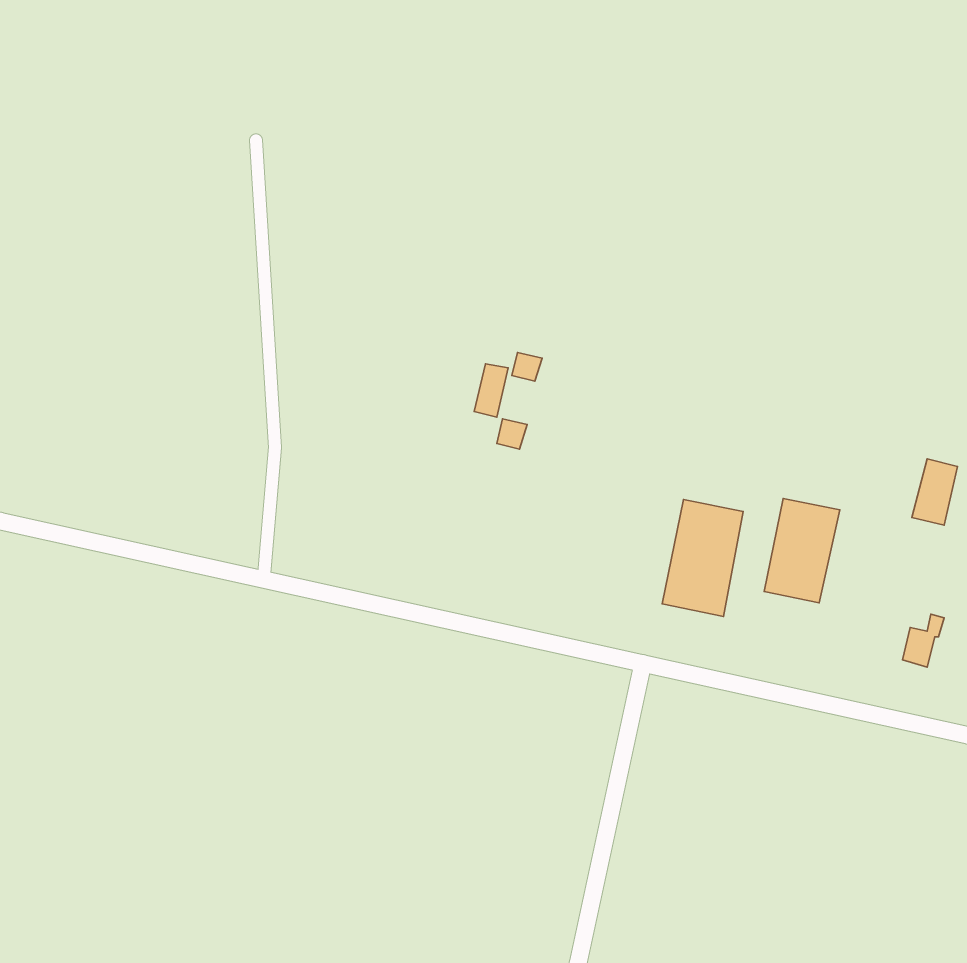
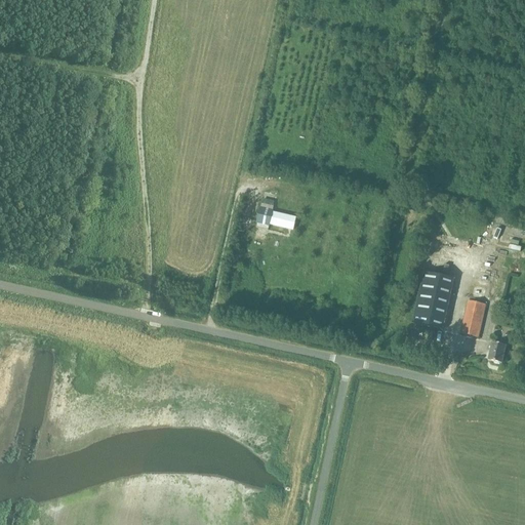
building: [912,459,957,525] -> [461,298,486,334]
building: [662,499,743,617] -> none

